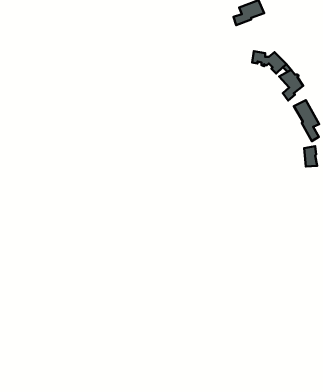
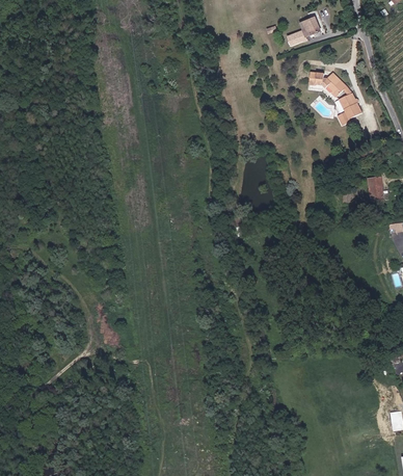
building: [294,100,319,141] -> none

